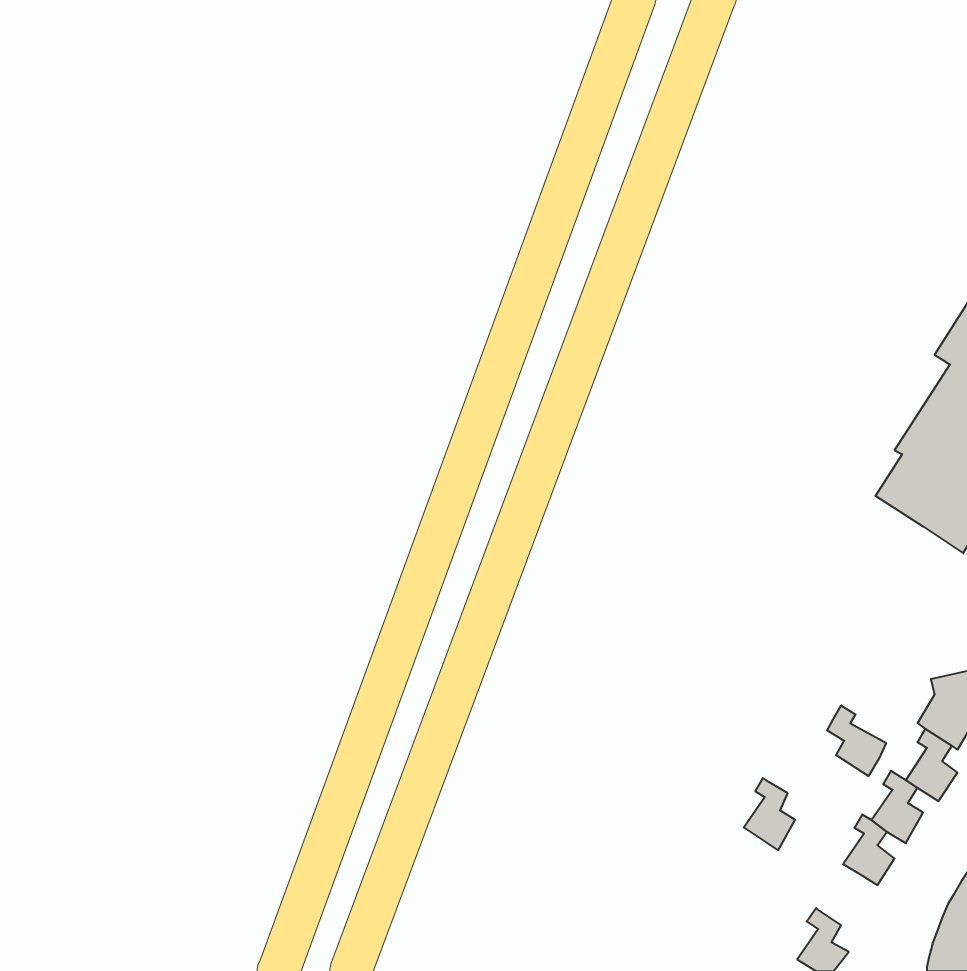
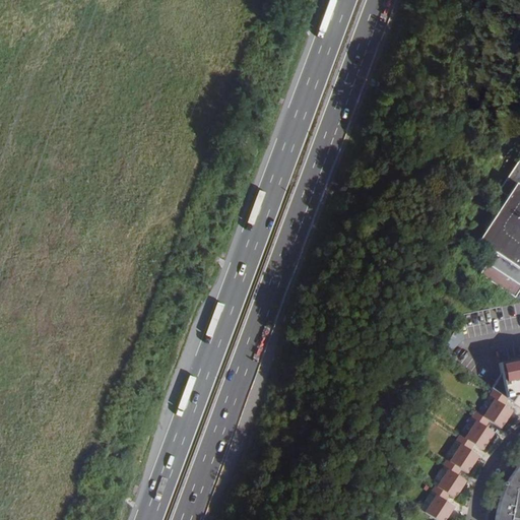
building: [827,705,886,776] -> none
building: [744,778,795,850] -> [440,458,467,497]

